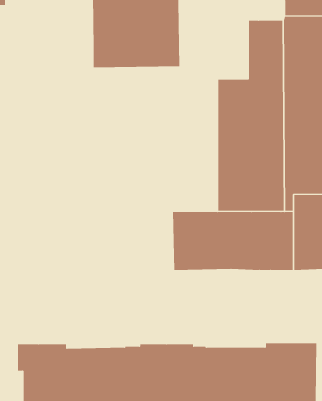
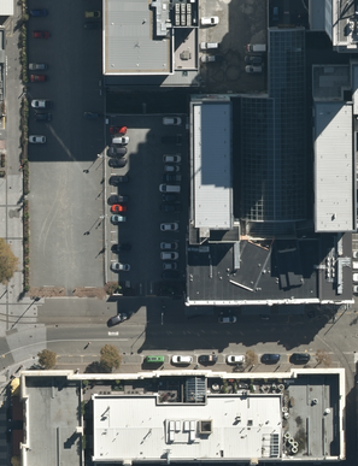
building: none -> [188,99,236,240]

